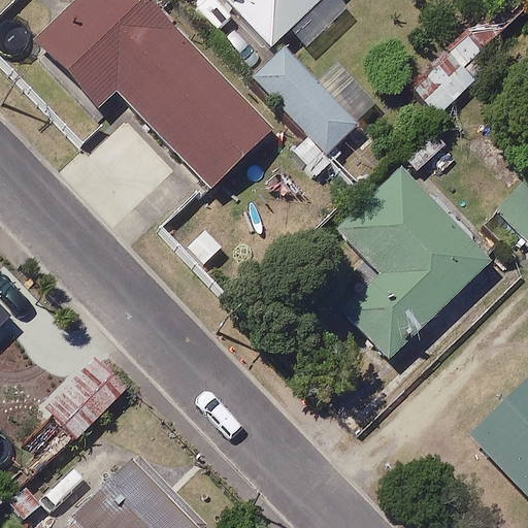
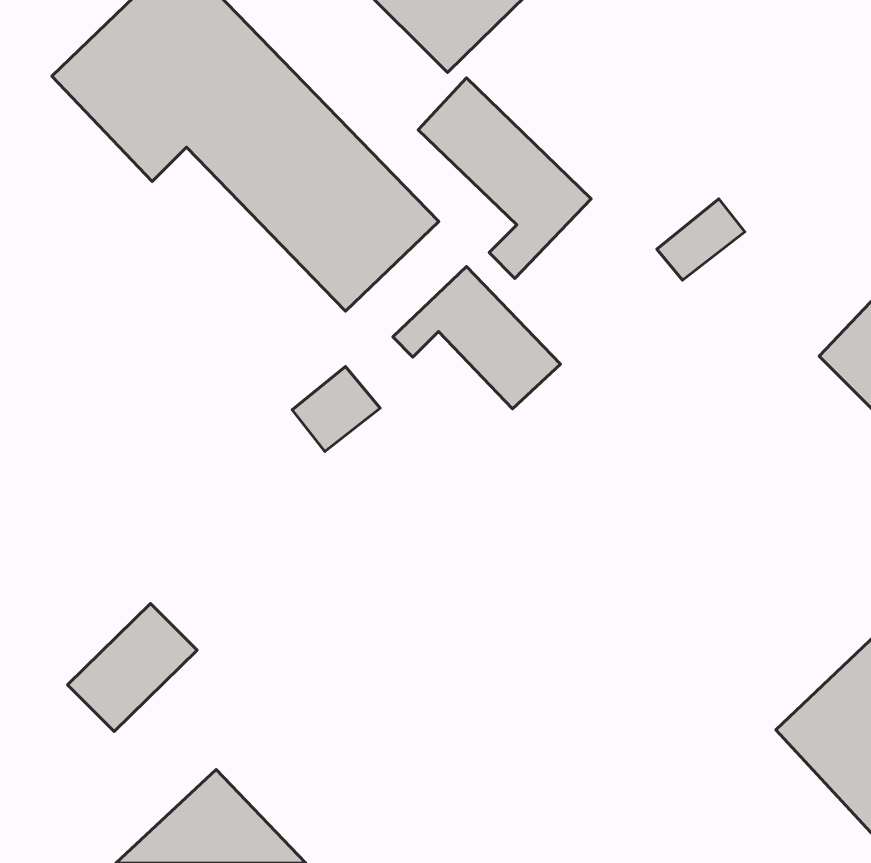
building: none -> [393,267,560,409]
building: [339,171,502,358] -> none

